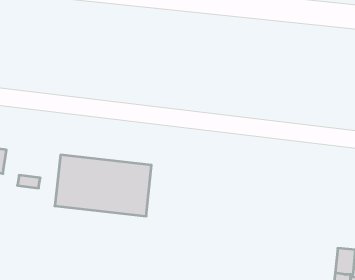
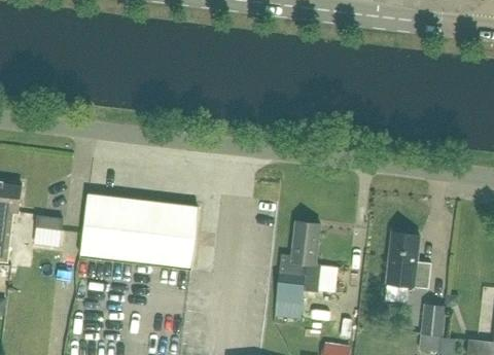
building: none -> [274,222,319,316]
building: none -> [385,233,430,289]

